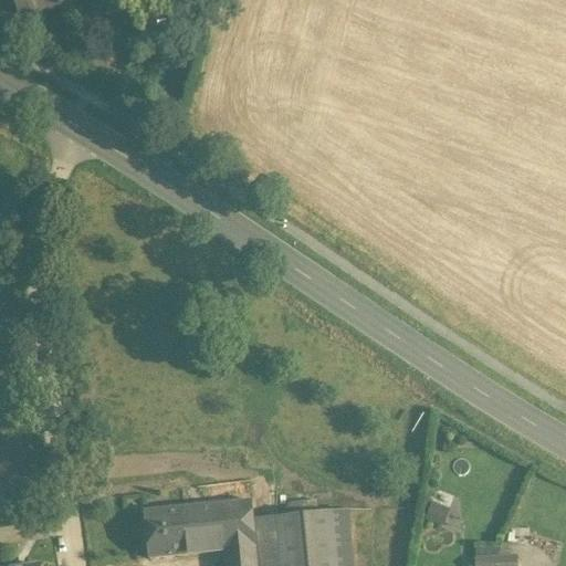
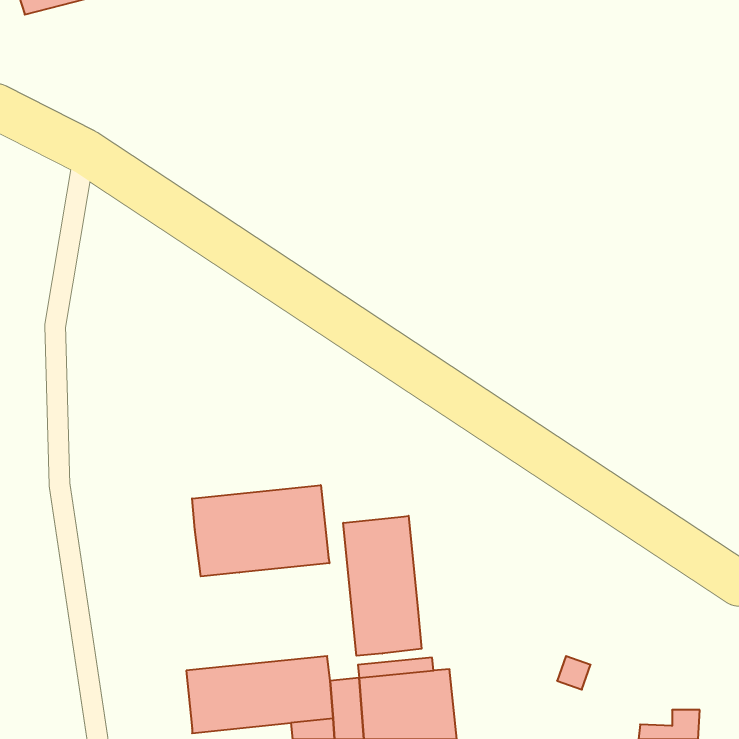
building: none -> [192,485,329,576]
building: none -> [343,516,422,656]

